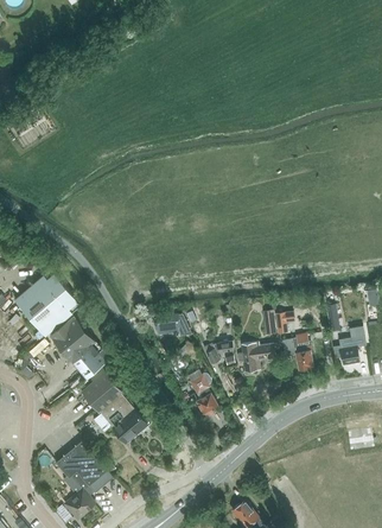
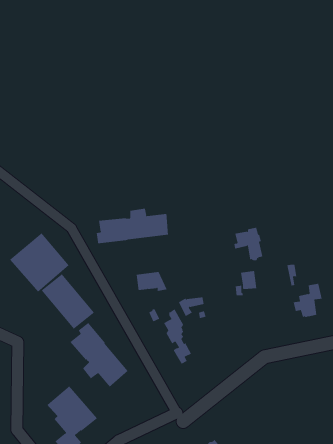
building: none -> [96,208,169,244]
building: [280,333,313,371] -> [234,227,263,261]
building: [236,342,274,373] -> none

